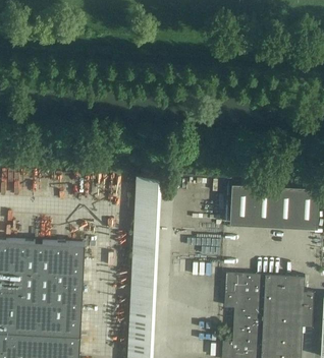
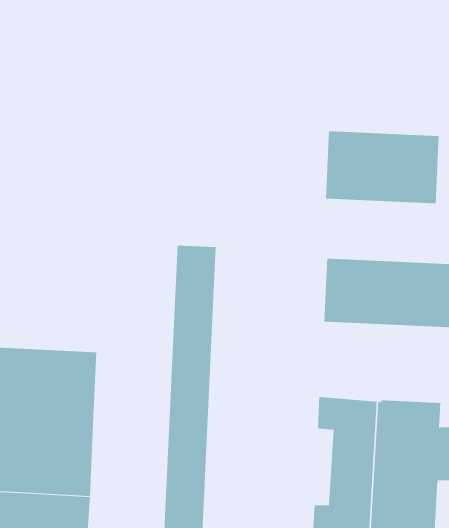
building: none -> [325,130,439,204]

